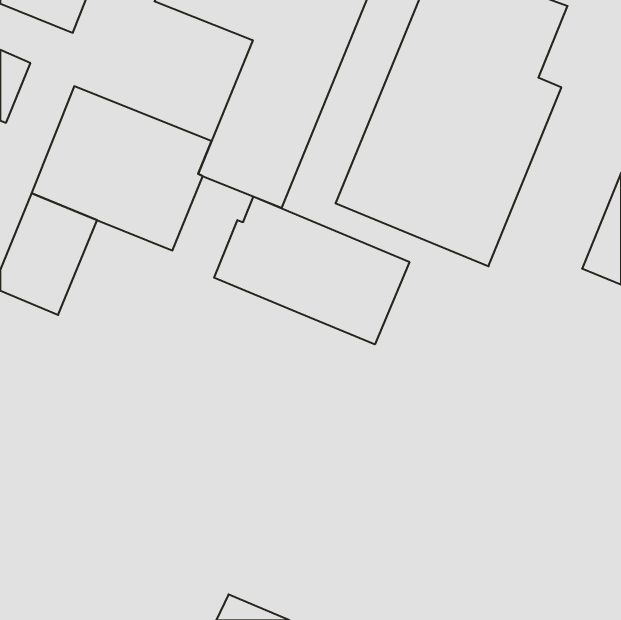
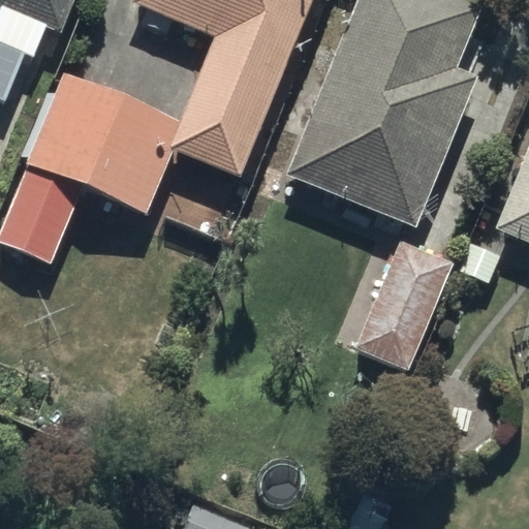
building: [214,197,409,344] -> none
building: none -> [354,239,454,369]

